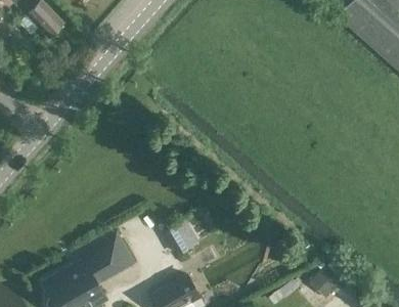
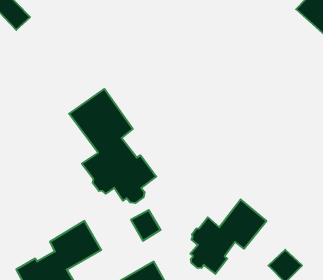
building: none -> [69,89,156,203]
building: none -> [190,199,266,274]

